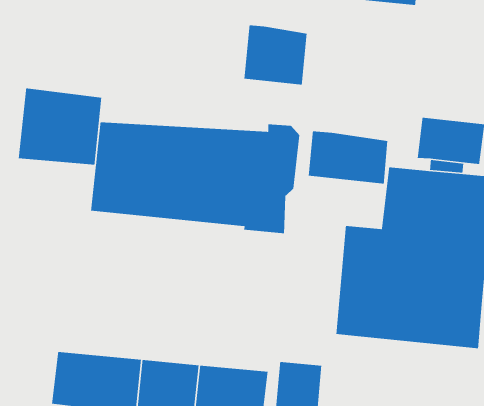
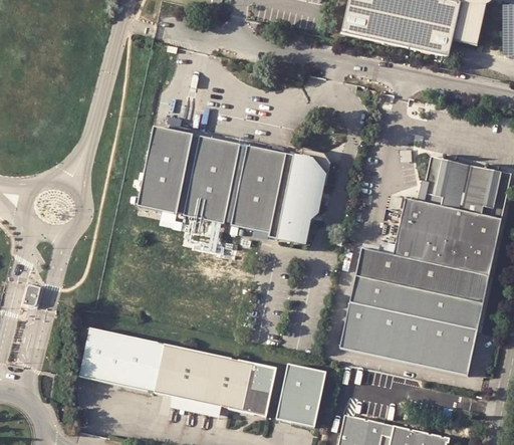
building: [243,25,307,86] -> none
building: [18,87,102,166] -> none
building: [308,130,388,185] -> none

